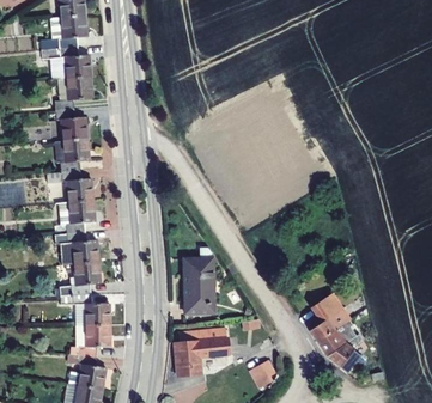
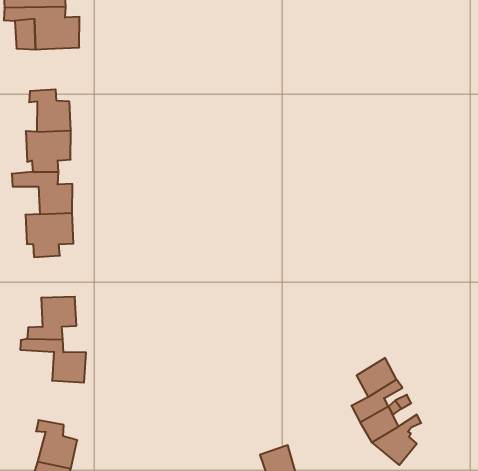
building: [55,77,93,111] -> none
building: [67,232,99,264] -> none
building: [185,258,214,313] -> none
building: [78,325,110,358] -> none
building: [175,329,226,377] -> none

